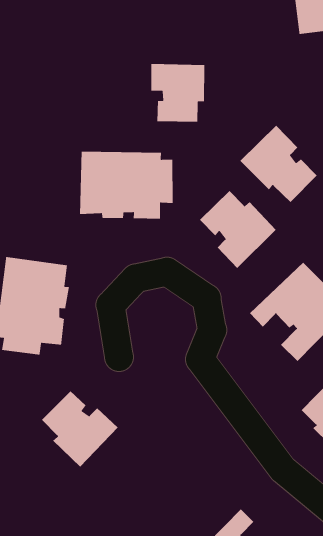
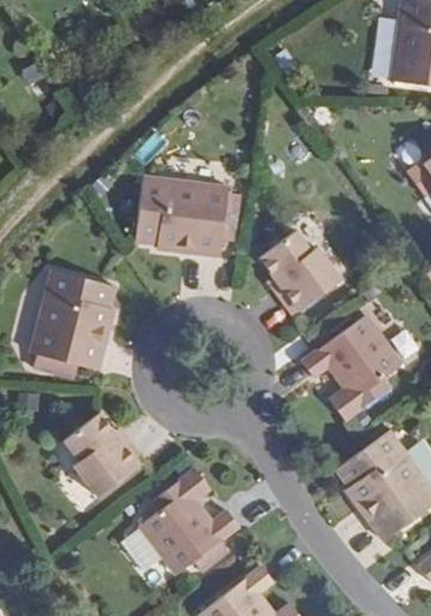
building: [151,63,205,122] -> none
building: [240,125,317,203] -> none
building: none -> [122,473,238,576]

